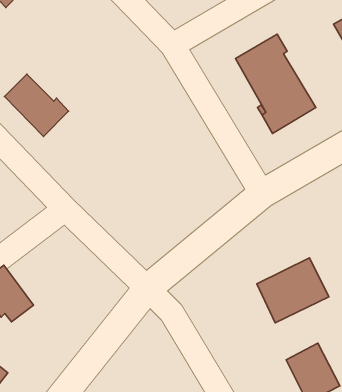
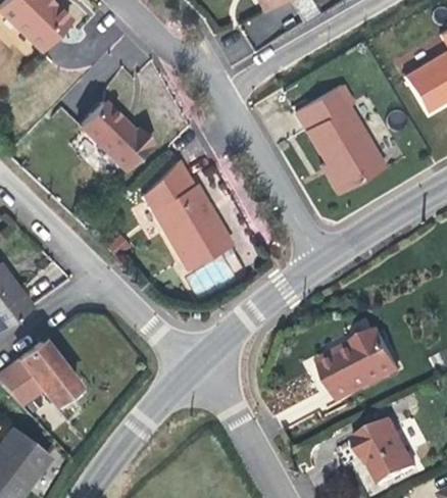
building: [5,74,68,136] -> [86,105,156,173]
building: none -> [149,165,234,277]

